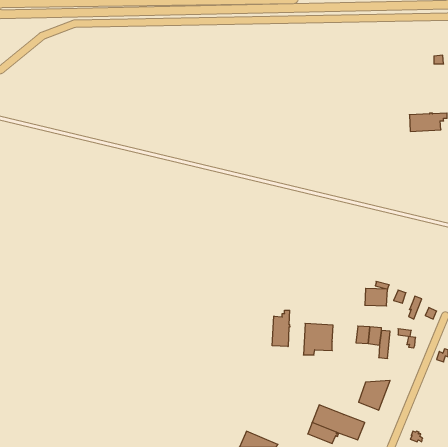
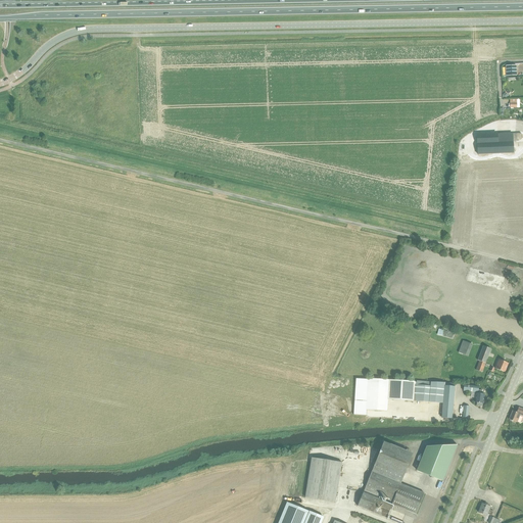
building: [365,288,388,306] -> [387,379,414,399]
building: [272,310,290,347] -> none
building: none -> [372,449,410,483]
building: none -> [305,457,341,502]

